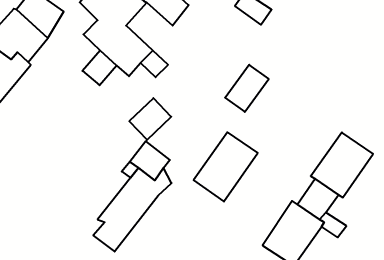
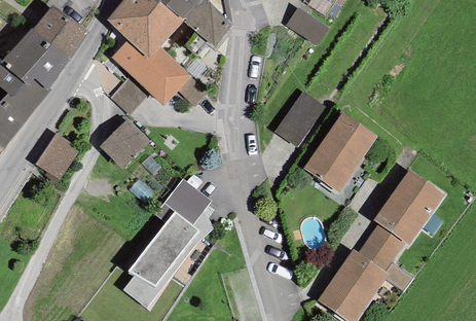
building: none -> [35,130,82,180]
building: [129,98,171,140] -> [101,119,149,168]
building: [194,132,258,202] -> [303,112,377,192]

